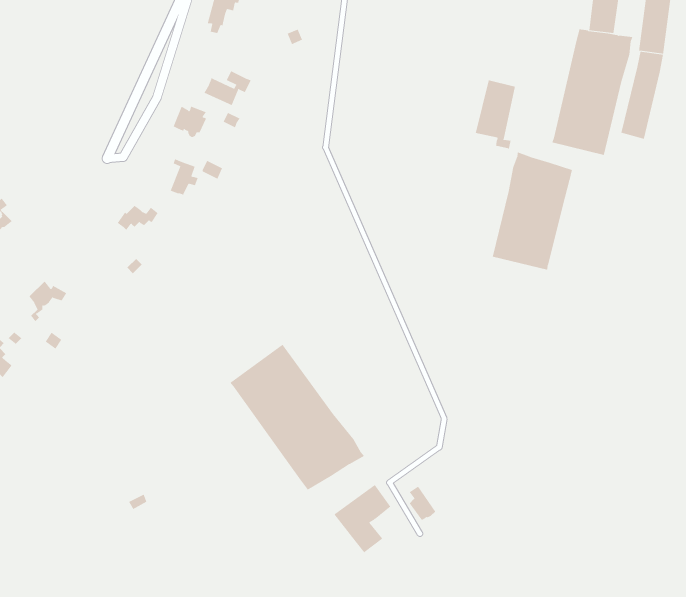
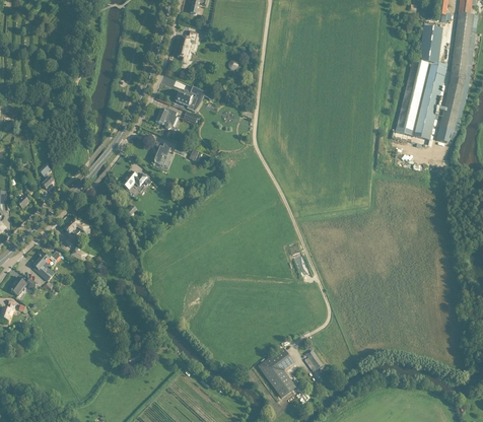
building: [475,80,515,149] -> none
building: [492,152,572,270] -> none
building: [229,344,365,491] -> none

